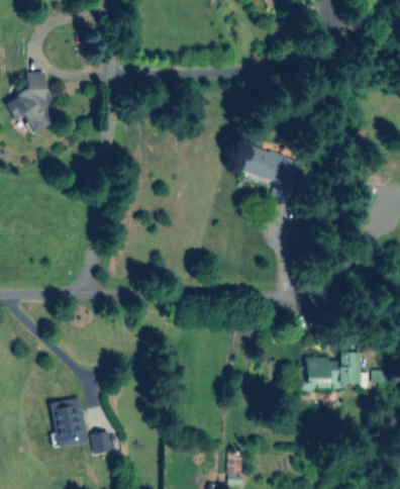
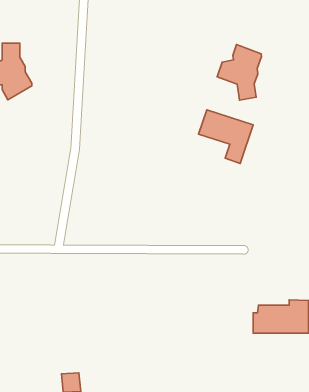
building: none -> [217,45,262,100]
building: [49,396,88,448] -> none

